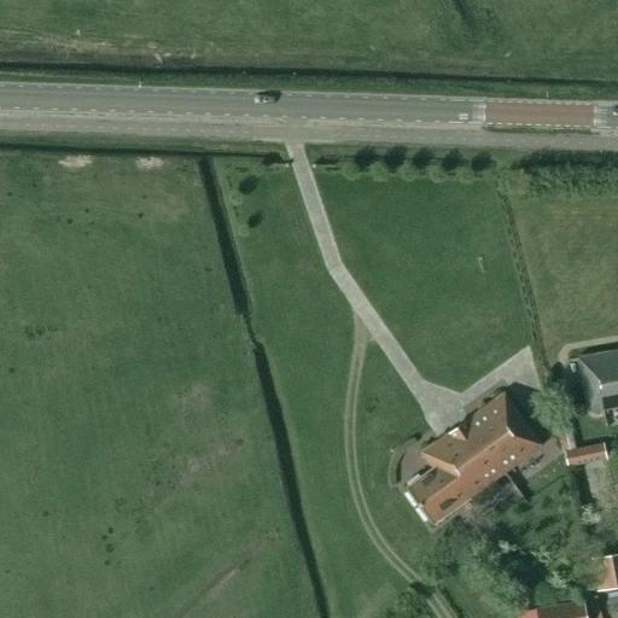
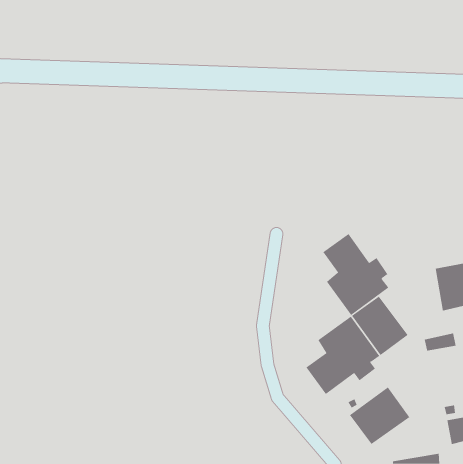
building: none -> [323,233,389,316]
building: none -> [349,386,410,445]

